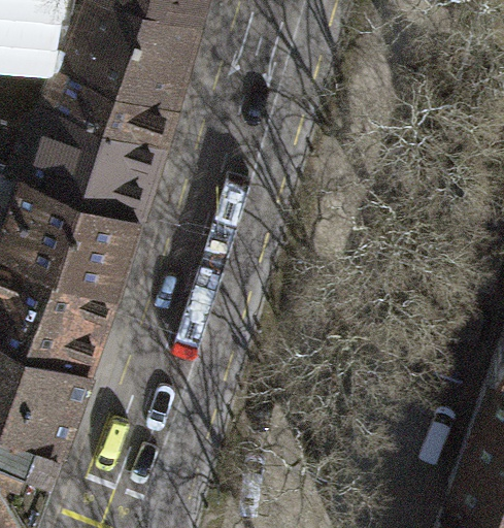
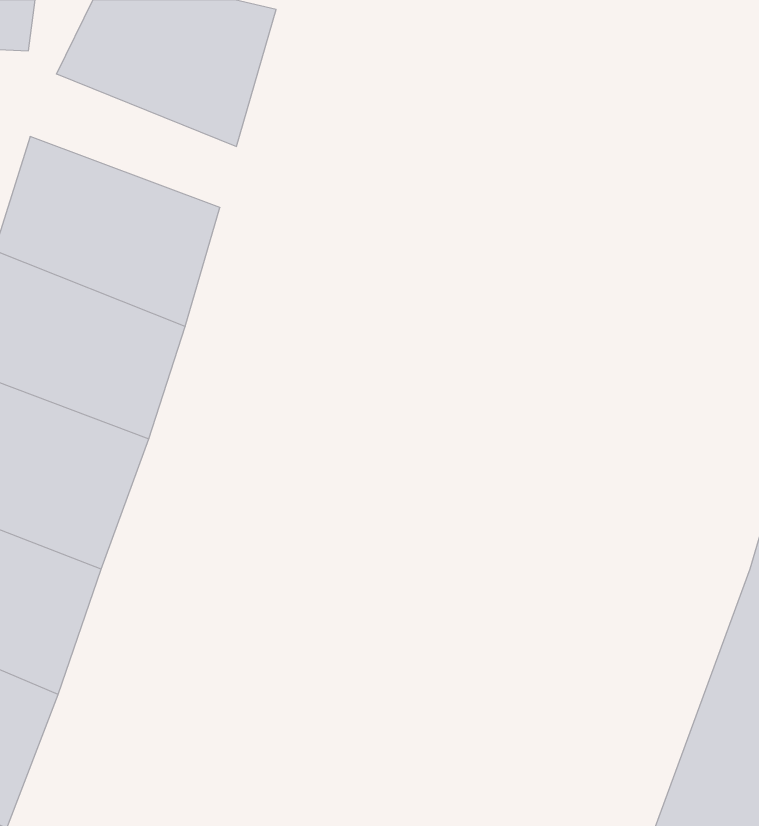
building: [46,57,175,140] -> none

